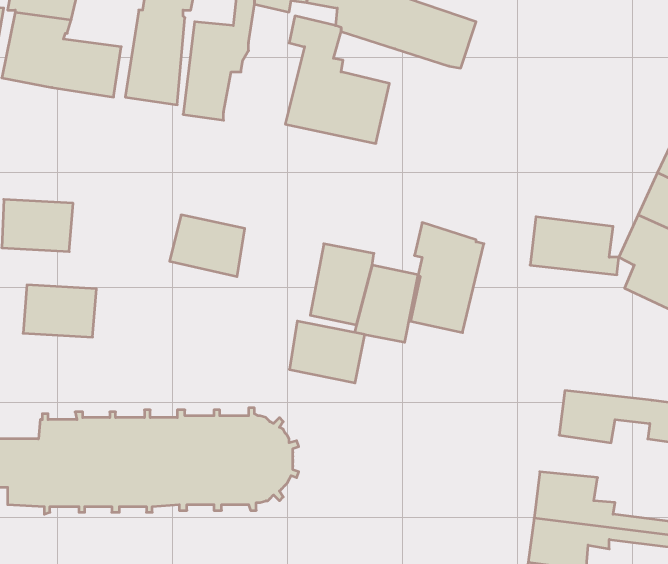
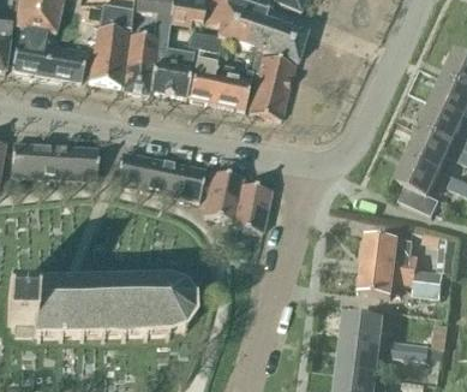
building: none -> [150,46,194,96]
building: [530,217,619,275] -> [363,232,418,268]
building: [411,223,484,333] -> [250,49,295,118]
building: [23,285,96,337] -> [54,145,100,178]
building: [289,321,365,383] -> [158,161,205,200]

